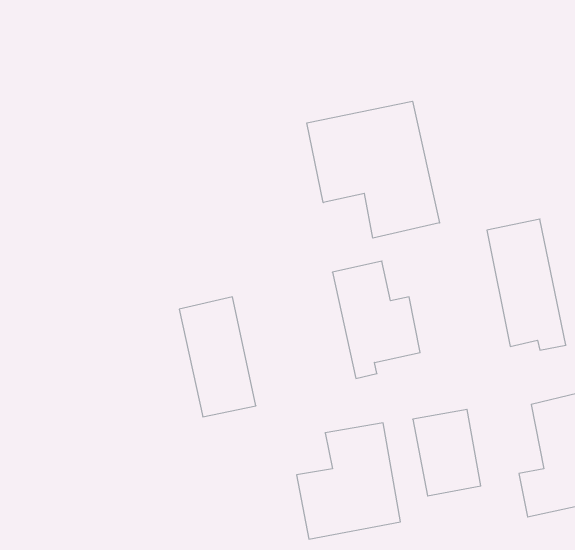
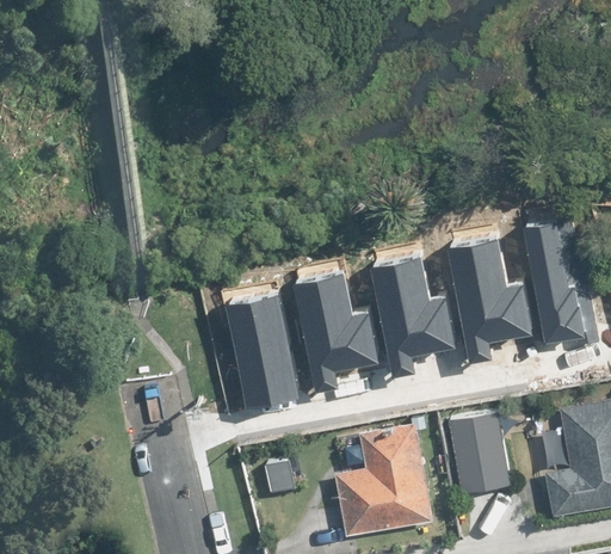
building: [307,101,440,238] -> none
building: none -> [449,248,535,363]
building: none -> [294,278,379,392]

